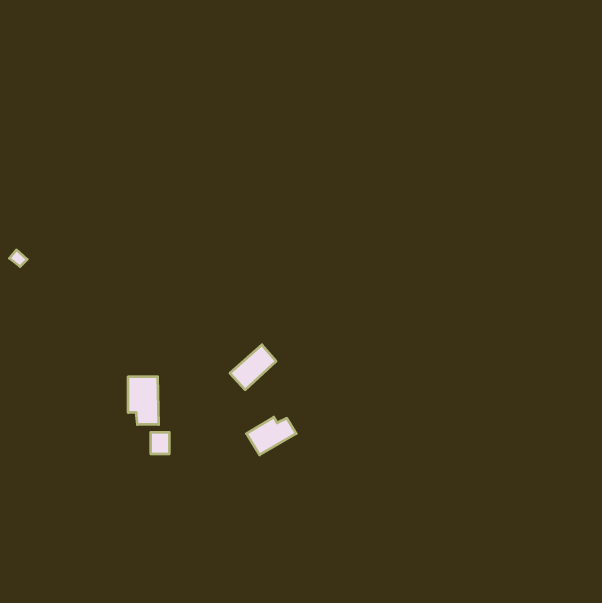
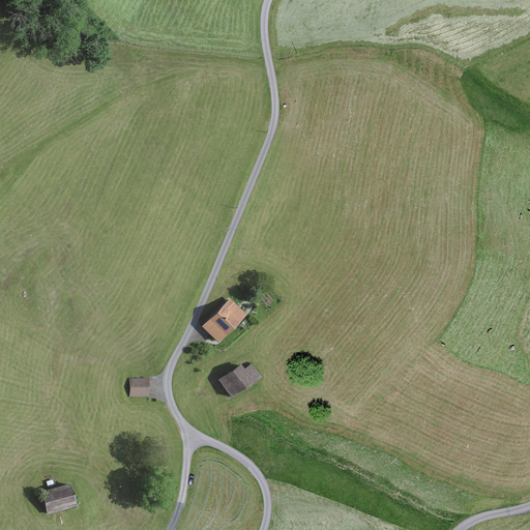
building: [128,377,159,425] -> none
building: none -> [42,484,73,511]

